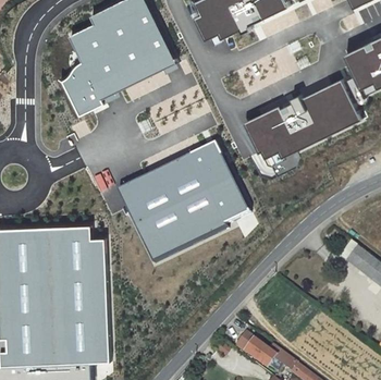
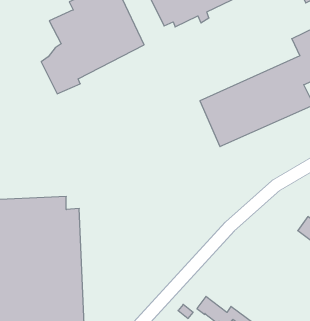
building: [116,140,250,260] -> none

